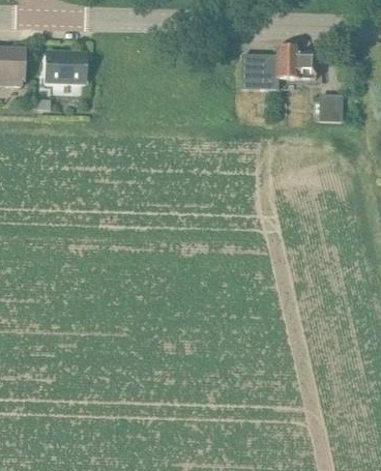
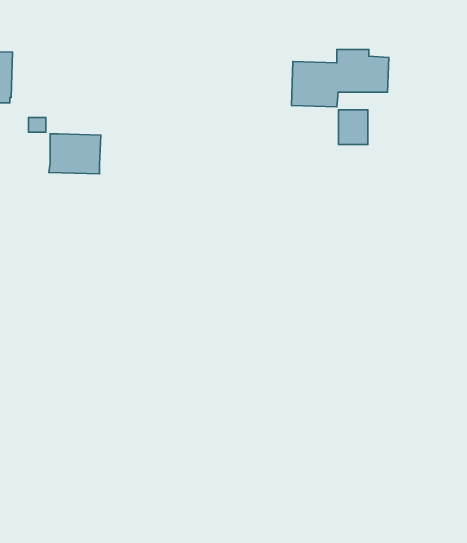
building: [48,51,88,82] -> [49,134,101,174]
building: [321,93,344,120] -> [339,110,368,145]

